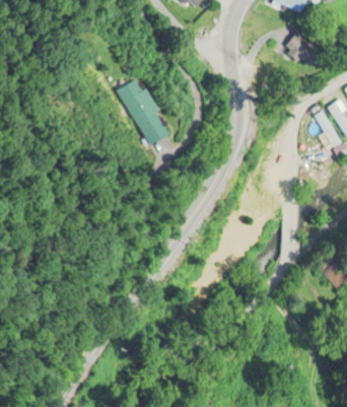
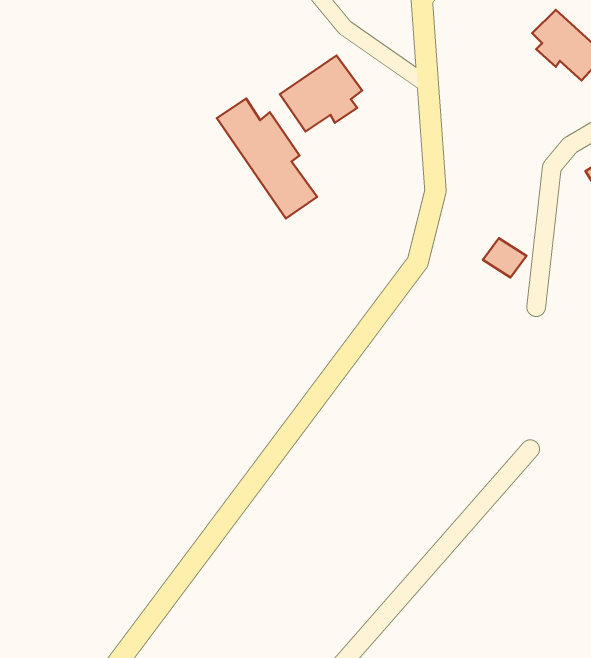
building: none -> [280,56,362,132]

